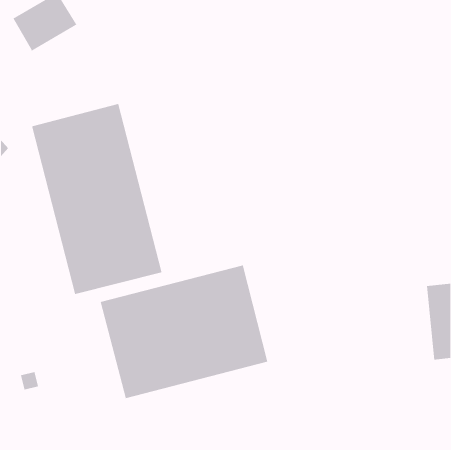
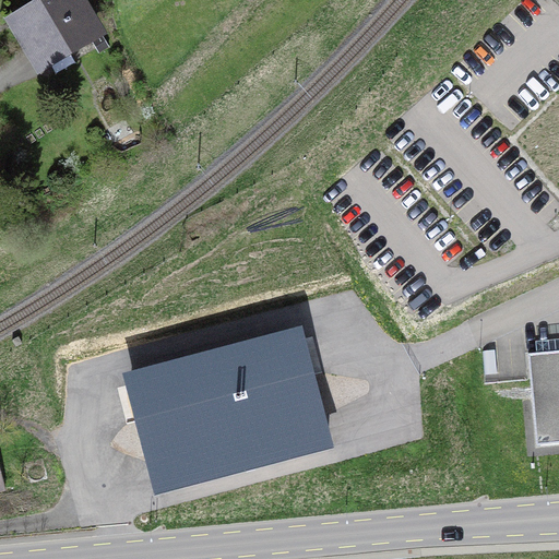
building: [31,103,162,295] -> none

